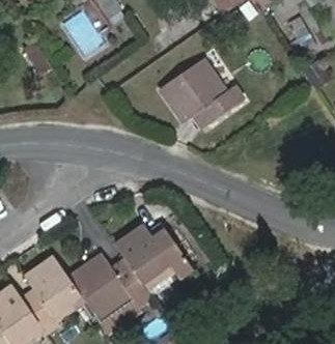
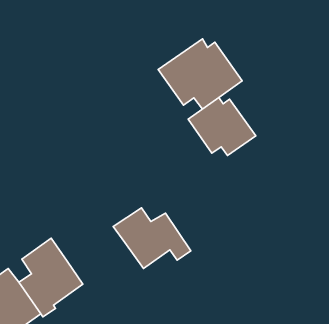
building: none -> [188,98,256,156]
building: [68,255,150,332] -> none

